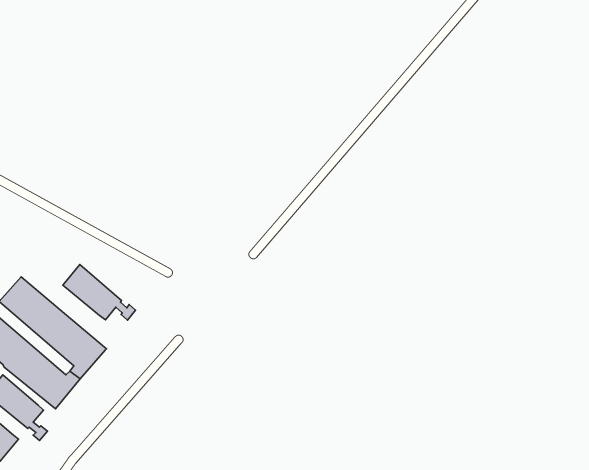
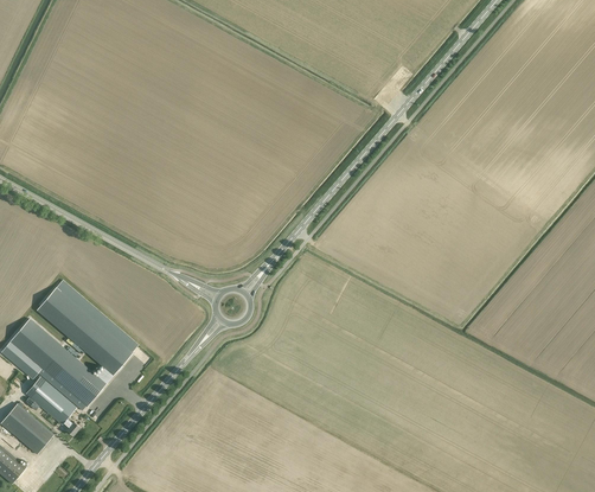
building: [63,264,135,320] -> none

